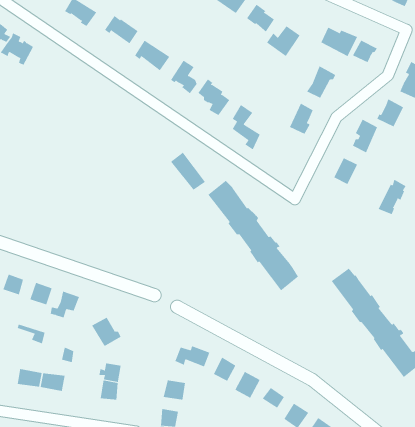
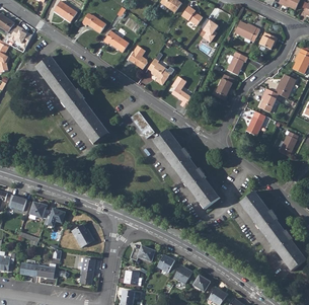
building: none -> [36,56,109,145]

